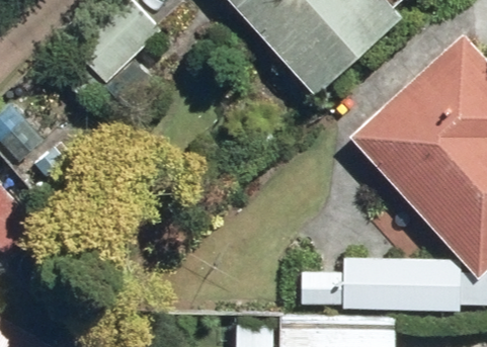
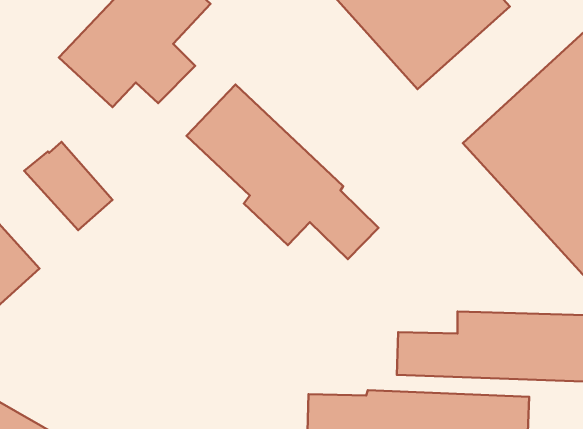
building: none -> [187,85,379,259]

